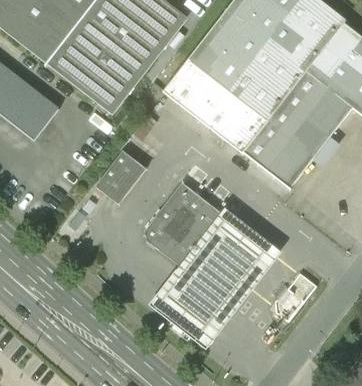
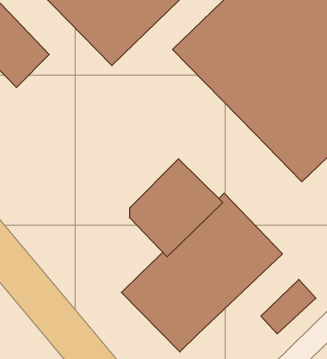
building: [96,151,145,203] -> none

